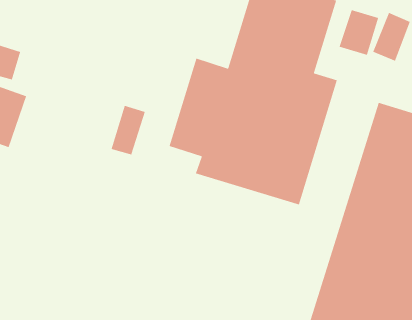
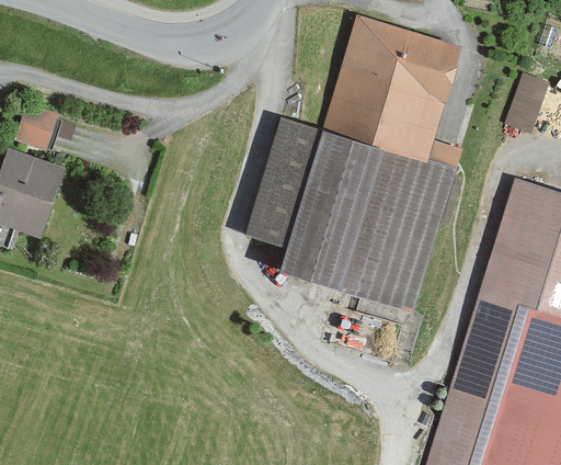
building: [338,9,379,56] -> none
building: [111,105,146,156] -> none

